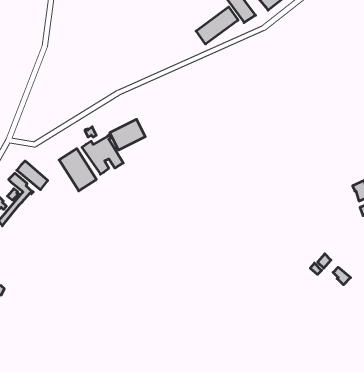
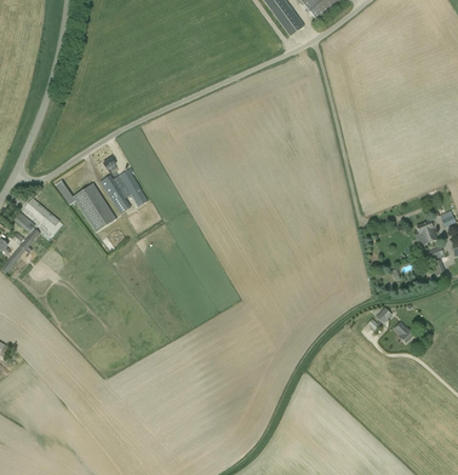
building: [196,7,238,44] -> none
building: [110,119,145,150] -> none

